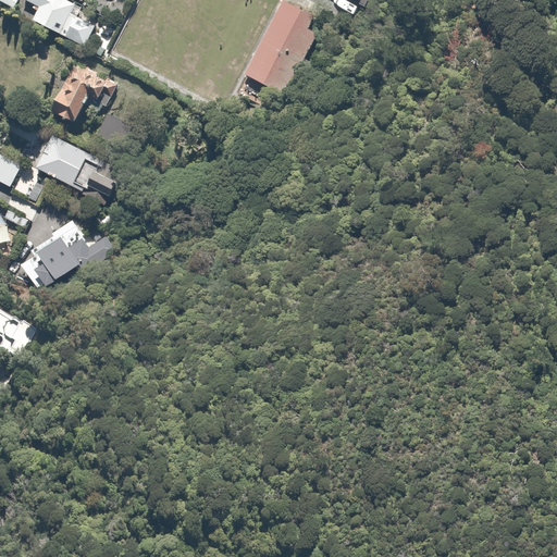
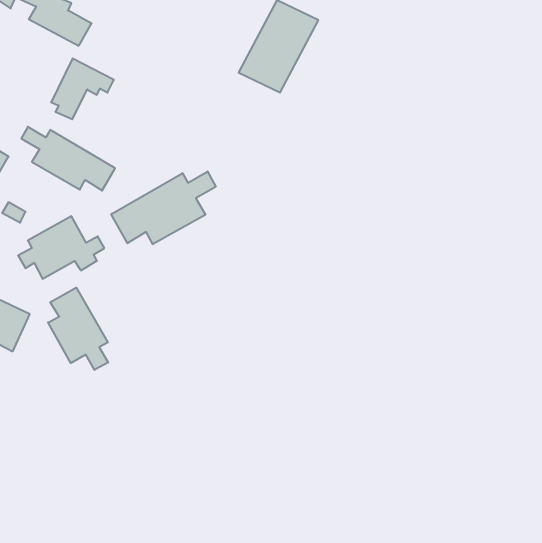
building: none -> [111,171,216,244]
building: none -> [48,288,108,370]

